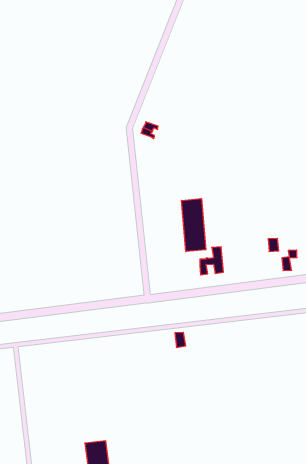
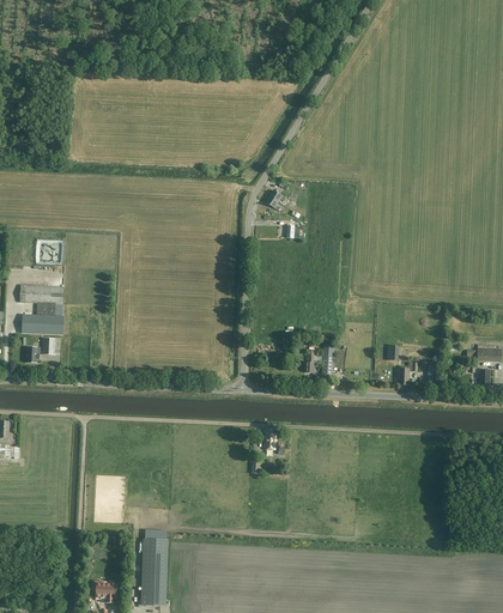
building: [182,198,206,252] -> none

